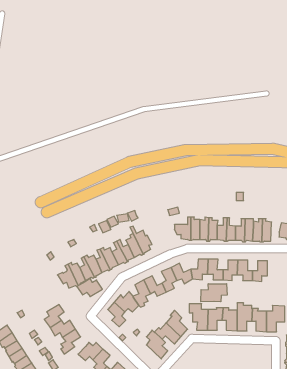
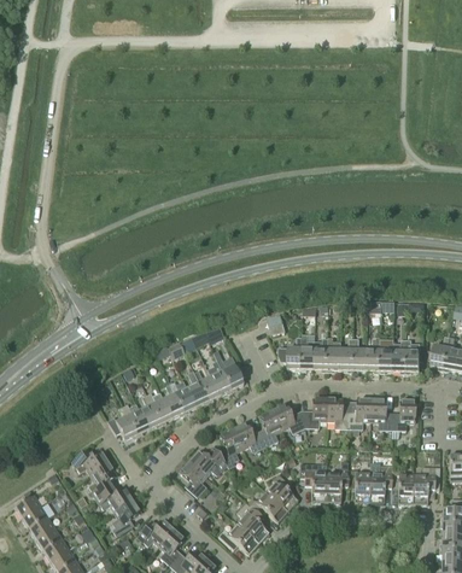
building: [77,278,102,297] -> [72,448,110,474]
building: [201,284,227,302] -> none
building: none -> [218,522,259,552]

